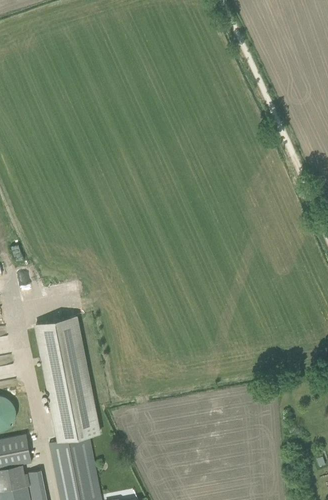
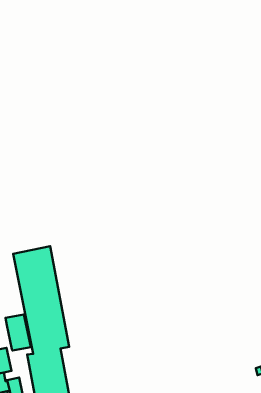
building: none -> [5,314,31,351]

